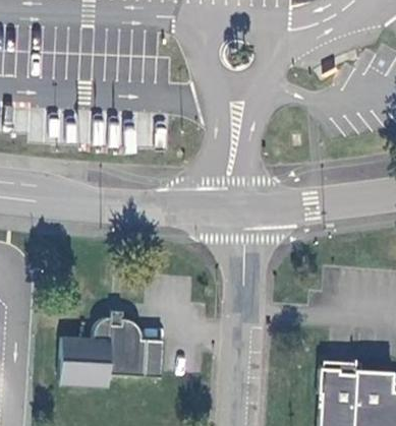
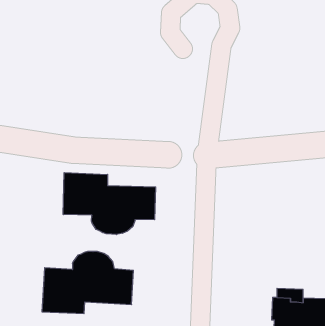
building: none -> [63,173,156,235]

